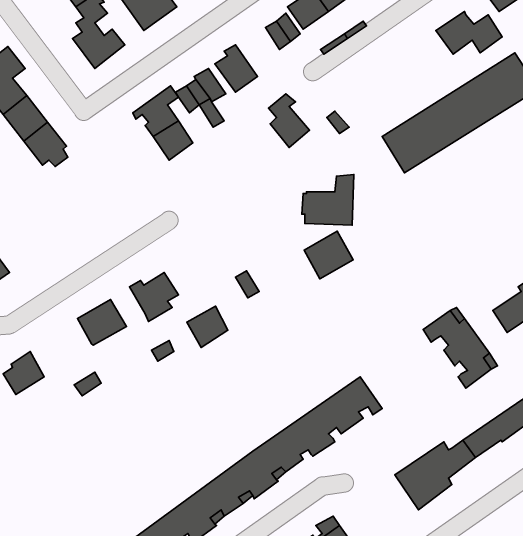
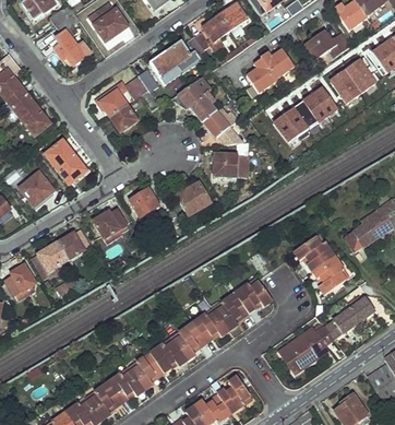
building: none -> [167,45,199,74]
building: none -> [248,47,296,93]
building: none -> [204,111,239,141]
building: none -> [45,140,87,185]
building: none -> [21,173,55,206]
building: [304,231,353,279] -> [177,182,211,215]
building: [187,306,228,347] -> [130,189,158,217]
building: none -> [37,241,68,271]

